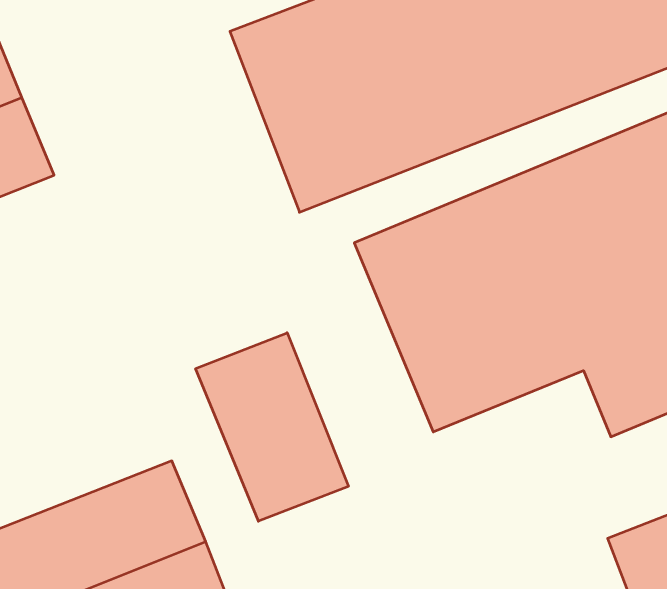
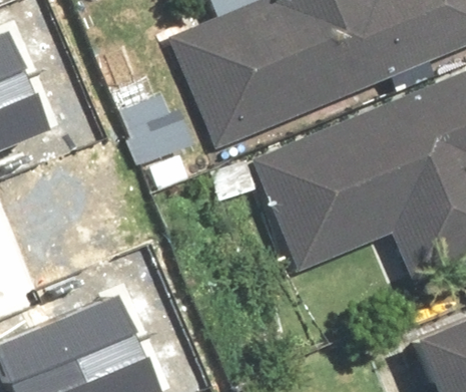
building: [196,333,348,521] -> none

